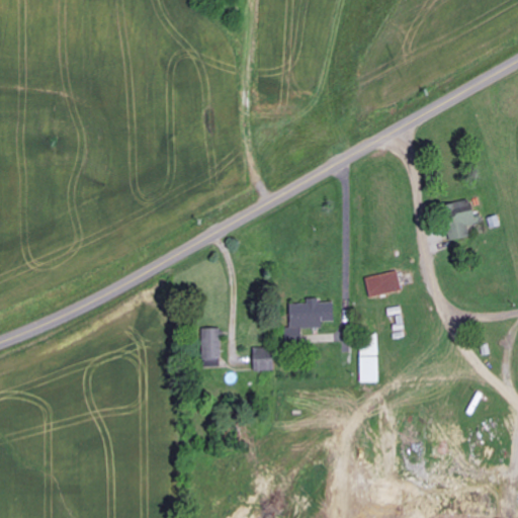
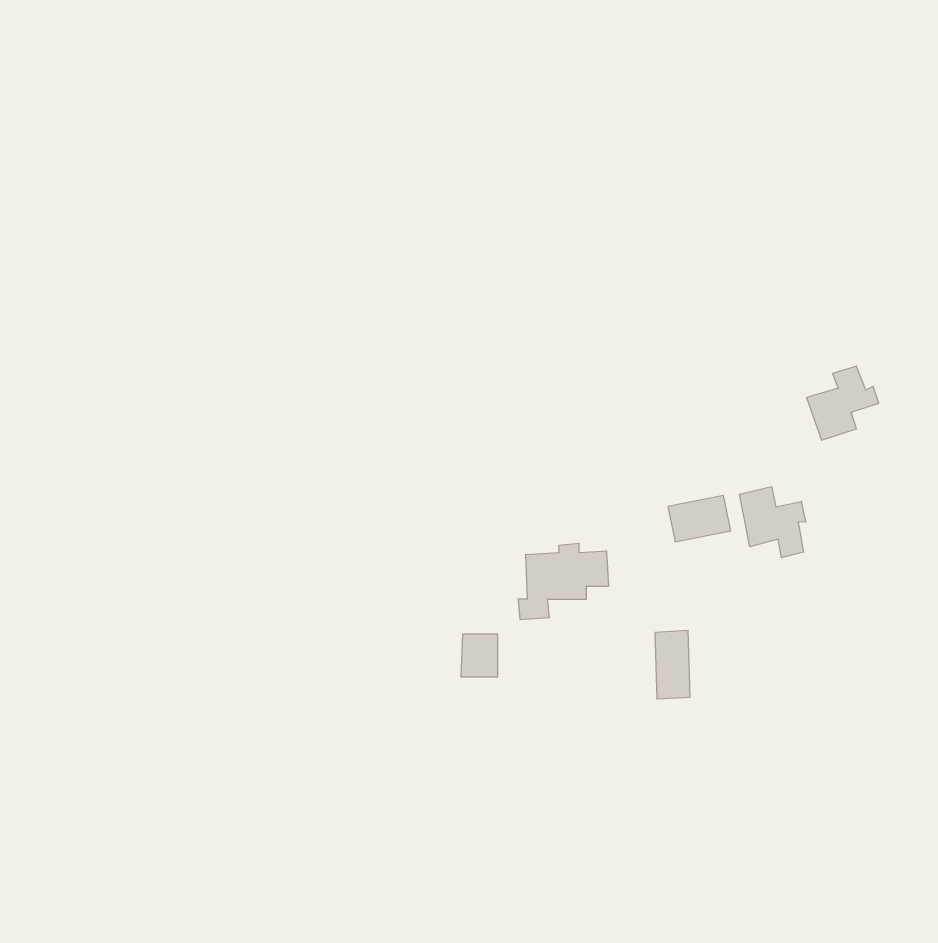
building: none -> [739,487,806,558]
building: [201,329,221,366] -> none

